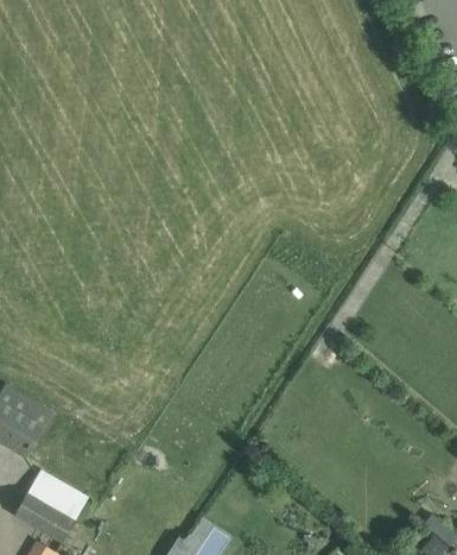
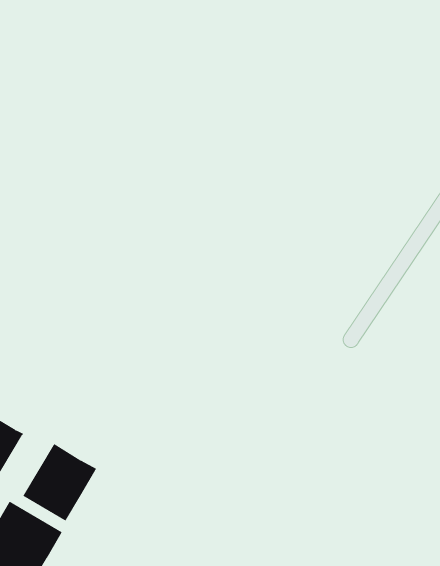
building: none -> [23,443,97,522]

